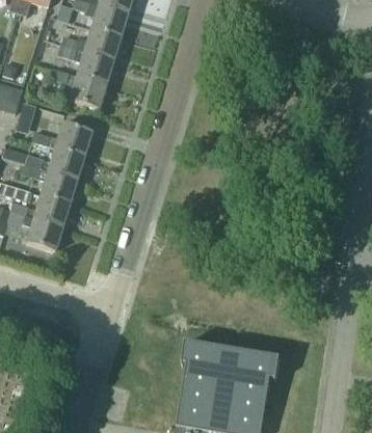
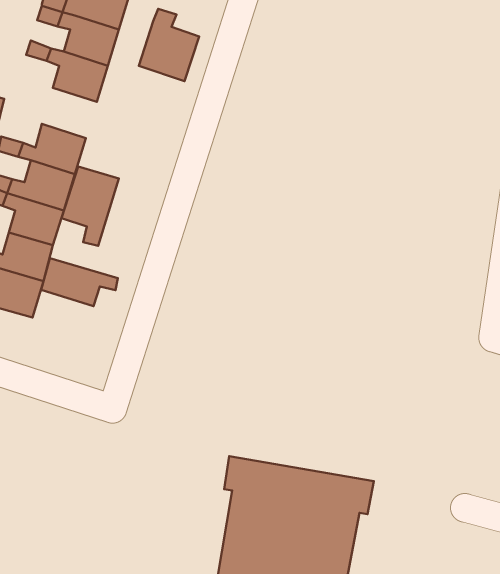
building: none -> [139,9,199,81]
building: none -> [61,167,119,246]
building: none -> [41,258,118,306]

